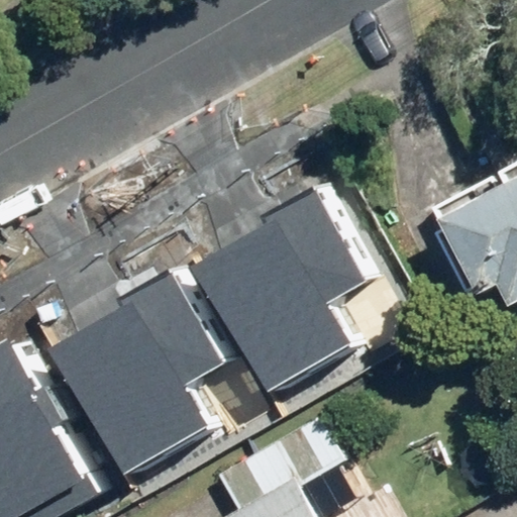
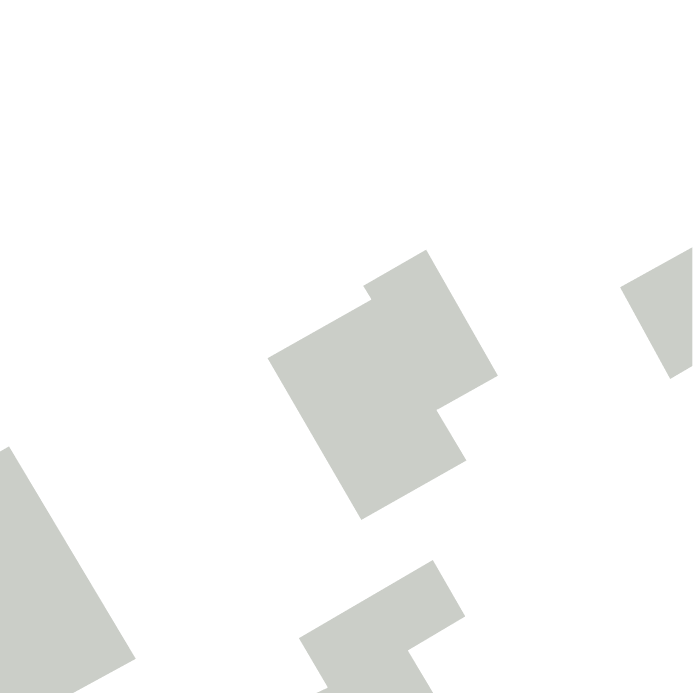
building: [48,272,220,473] -> none

